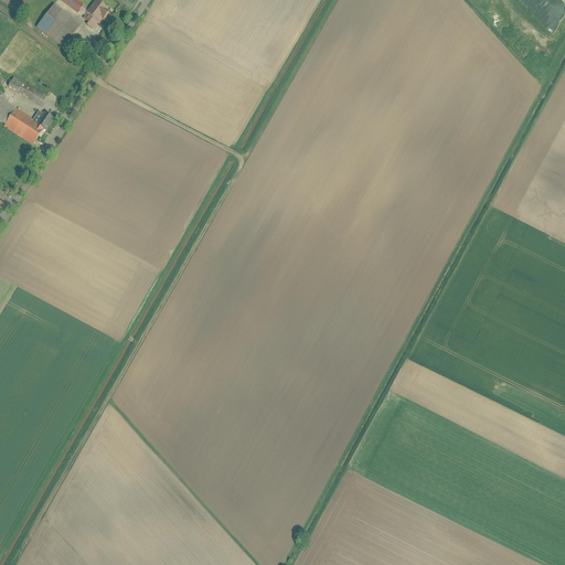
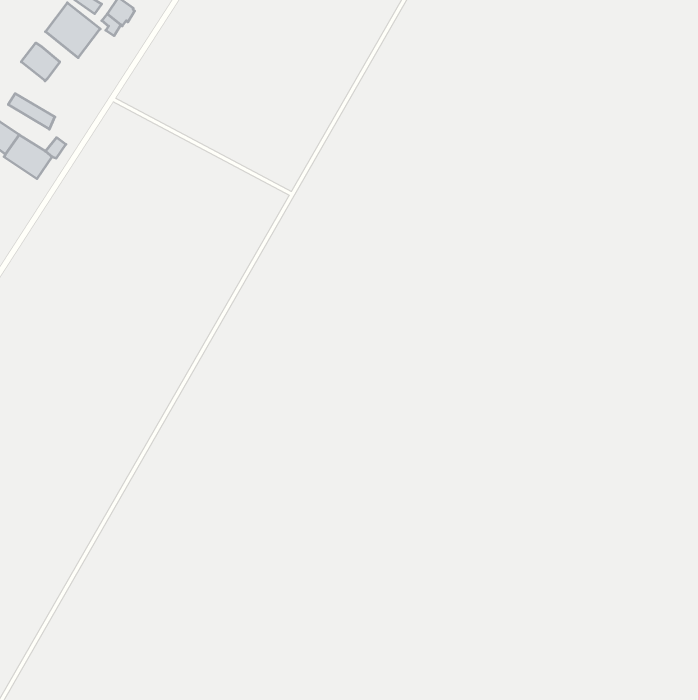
building: none -> [21,43,60,81]

